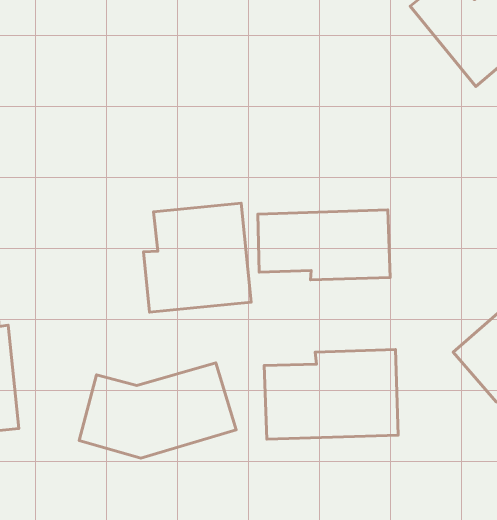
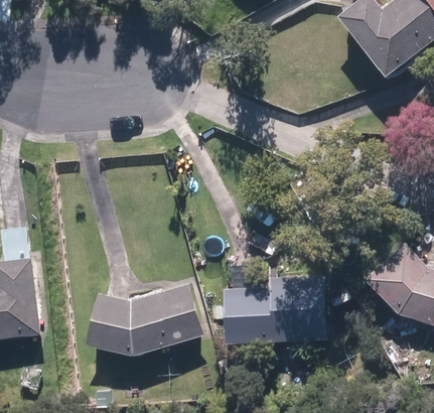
building: [143,203,251,312] -> none
building: [258,210,390,280] -> none

